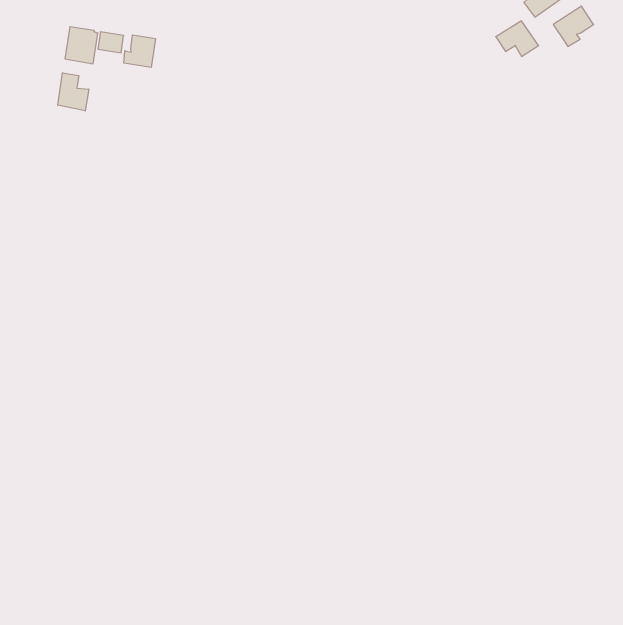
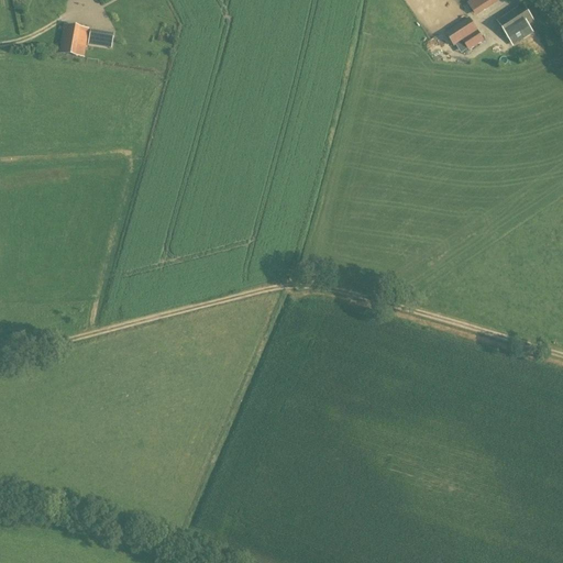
building: [124,35,155,67] -> none
building: [58,73,89,111] -> none

